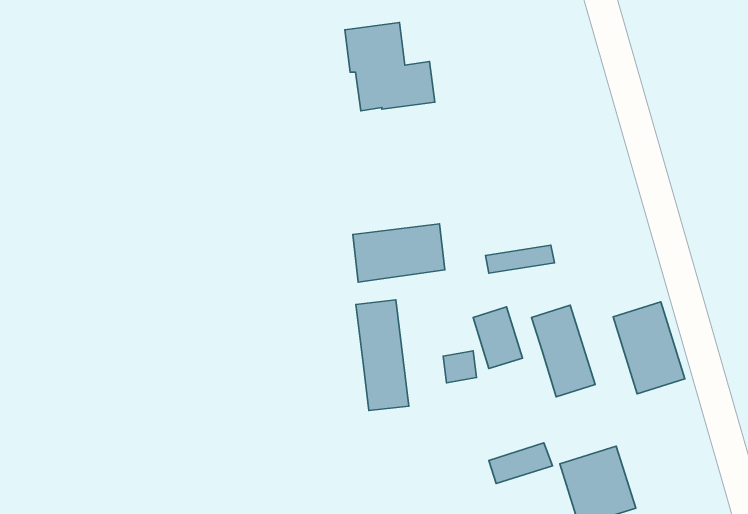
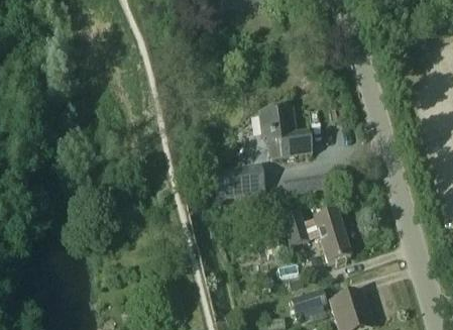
building: [345,23,435,111] -> [260,107,312,157]
building: [356,300,409,411] -> none
building: [613,302,685,394] -> none

